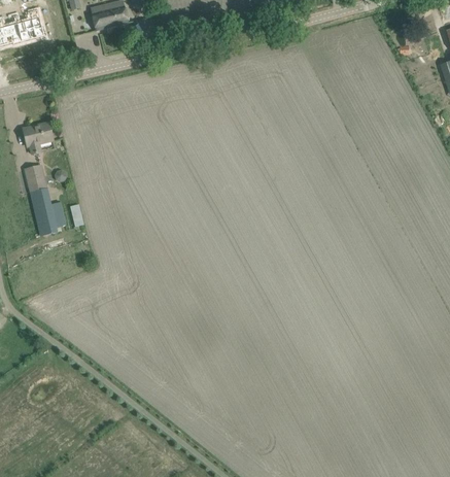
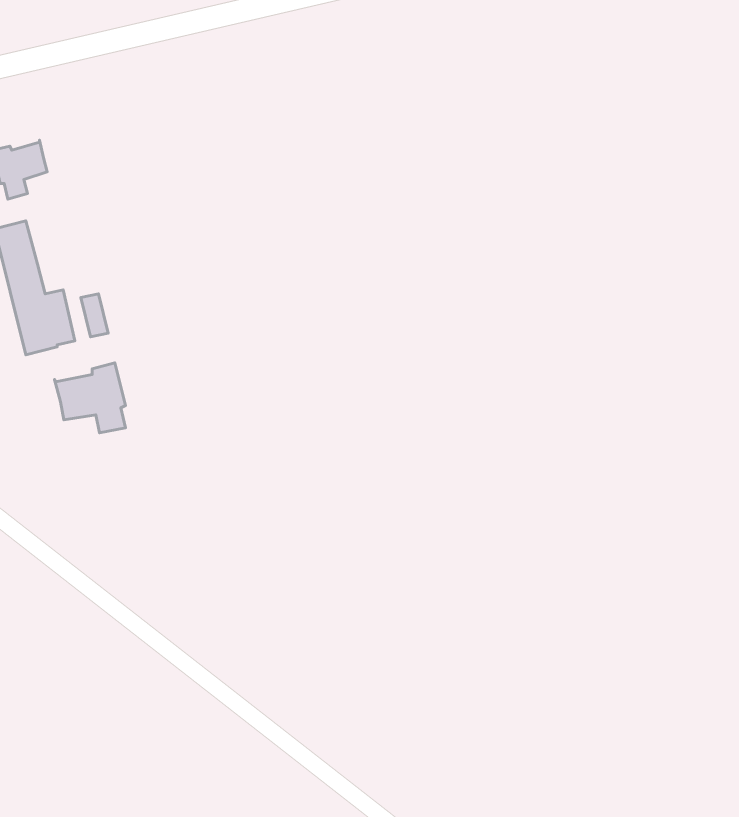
building: none -> [54,363,126,433]

